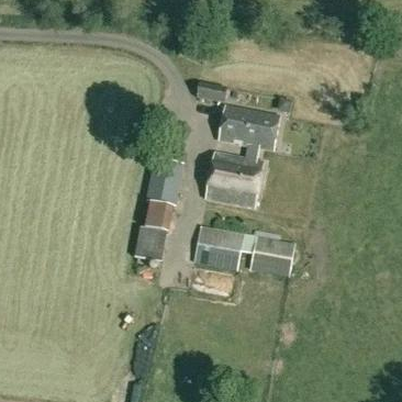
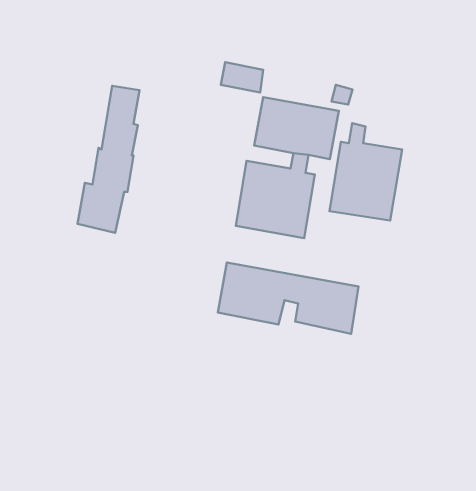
building: none -> [329,123,402,220]
building: [133,156,178,263] -> [77,86,139,233]

